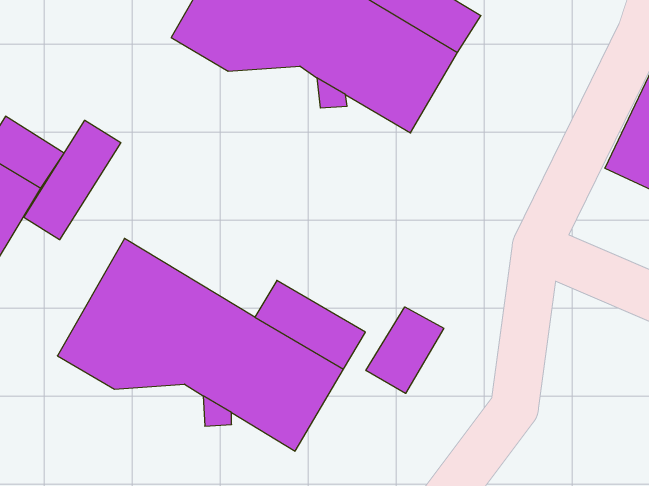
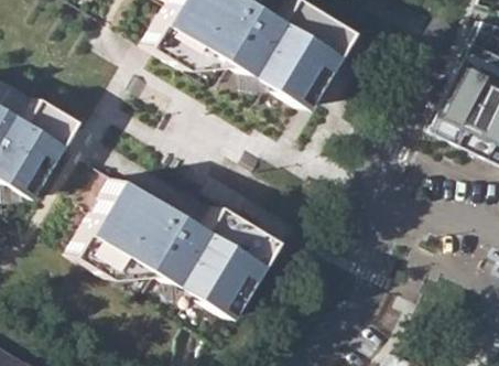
building: [24,120,121,240] -> none
building: [366,307,444,393] -> none

